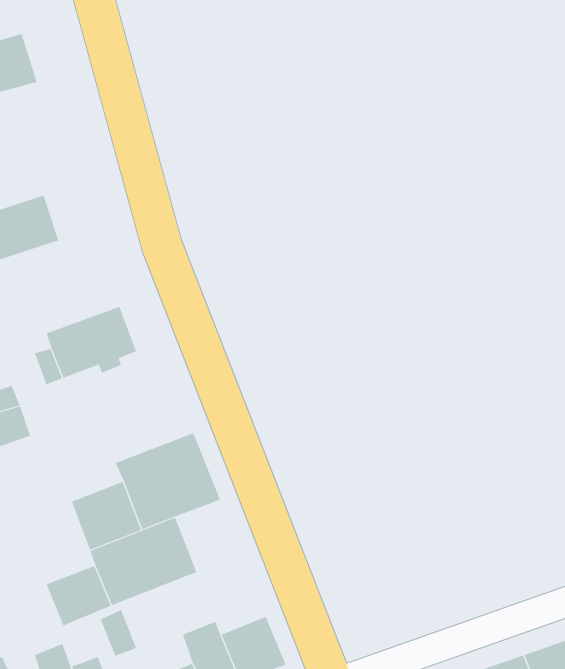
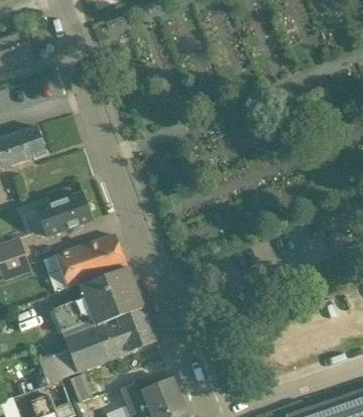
building: none -> [45,235,125,291]
building: none -> [114,308,153,352]

